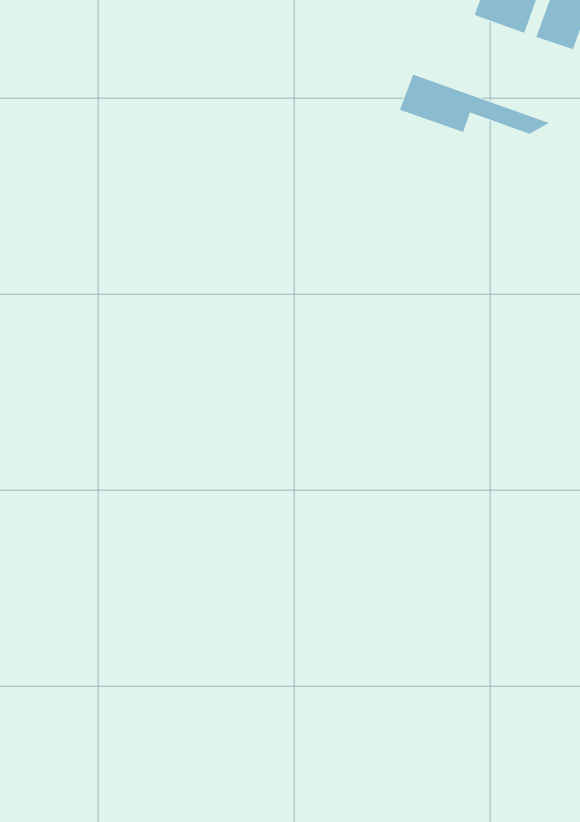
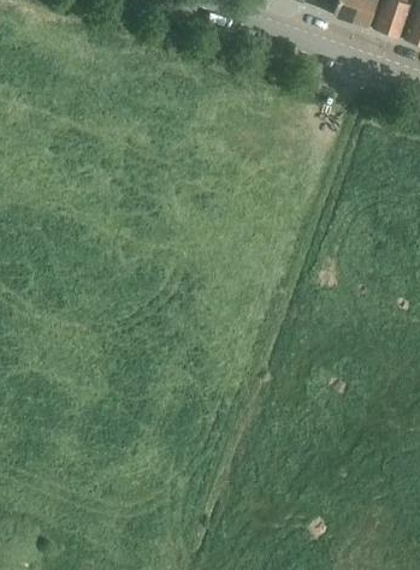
building: [399,74,550,135] -> none

